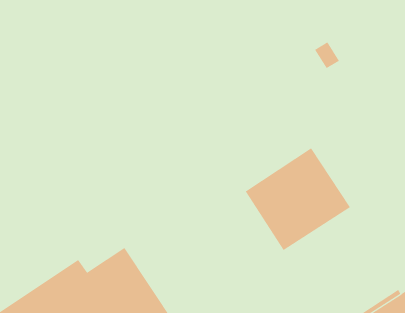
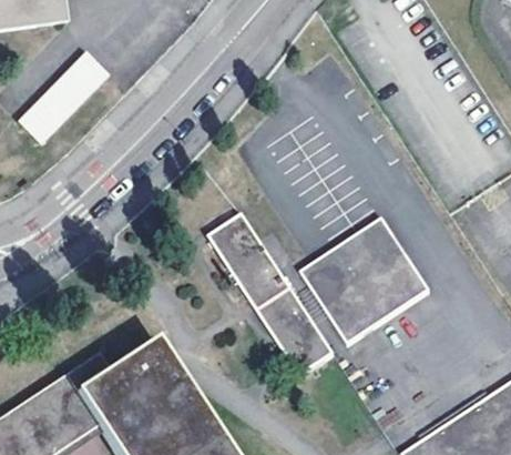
building: none -> [18,53,104,142]
building: none -> [208,214,333,376]

